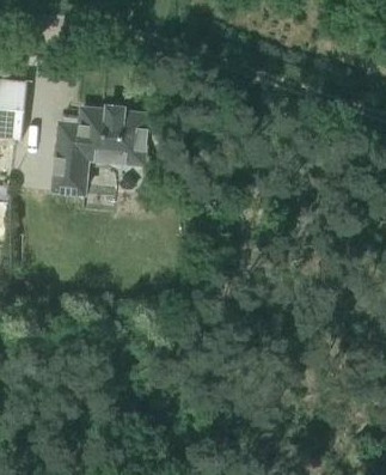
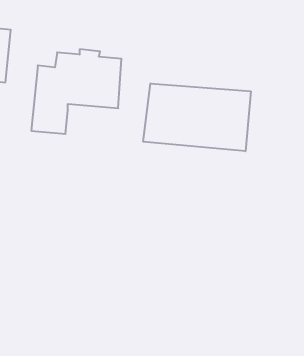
building: none -> [143,83,251,151]

